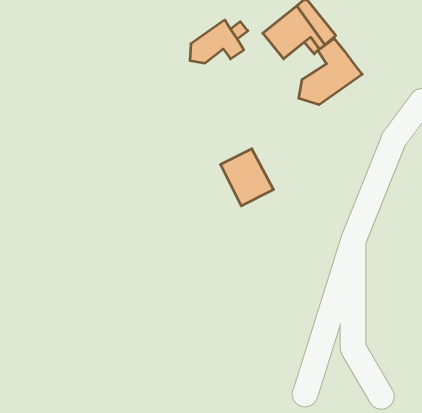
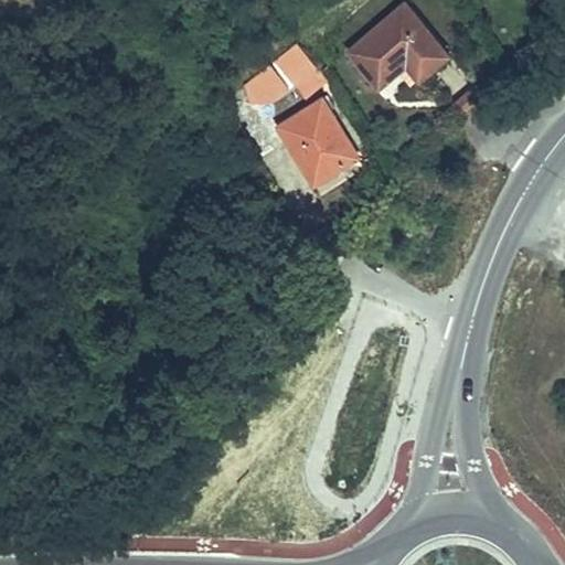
building: [299,38,362,105] -> none
building: [220,149,274,206] -> [279,97,350,173]

